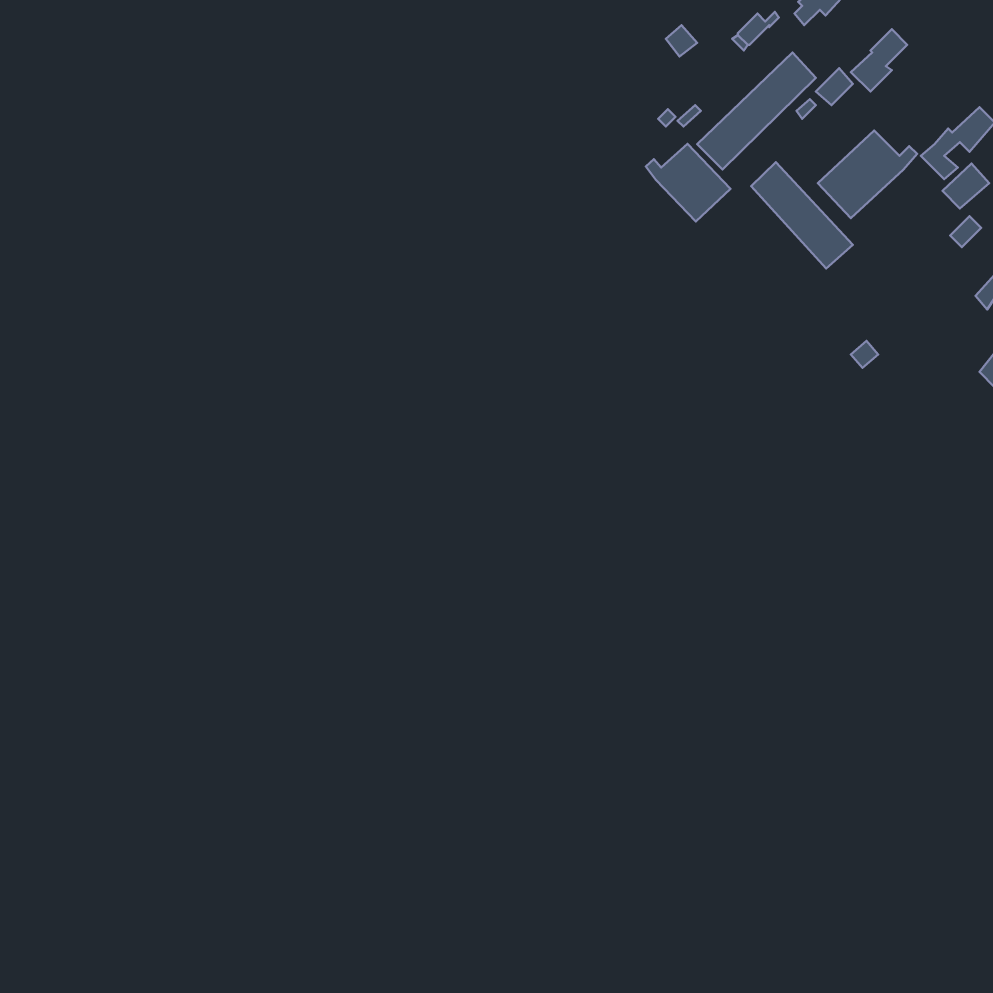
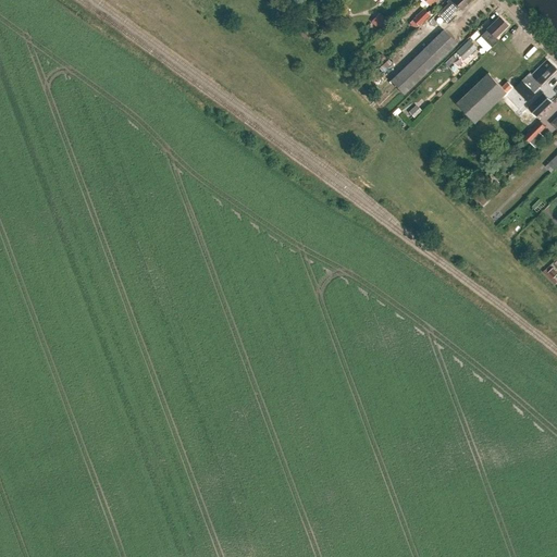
building: [646,144,730,221] -> none
building: [751,162,853,269] -> none

